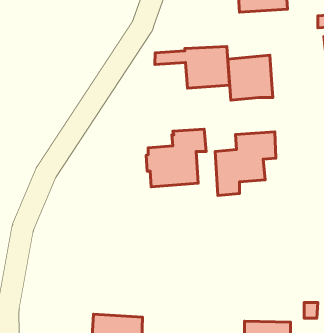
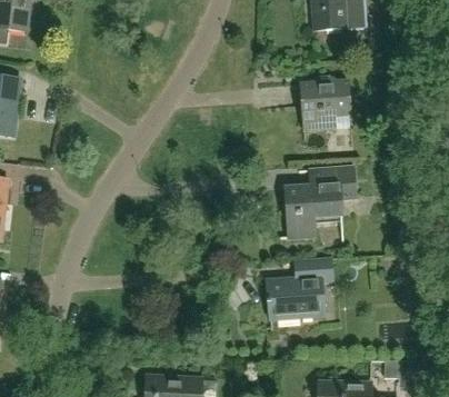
building: [155,46,229,88] -> none
building: [146,129,206,187] -> [265,256,332,321]

